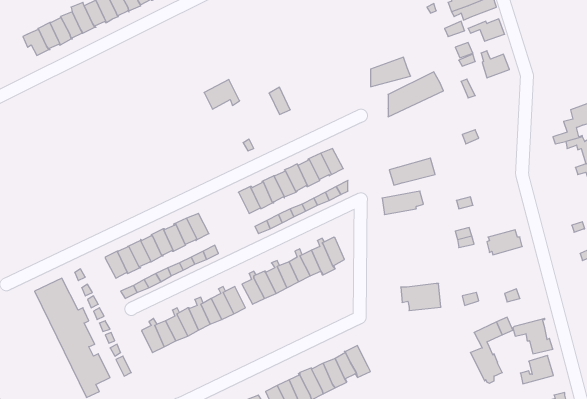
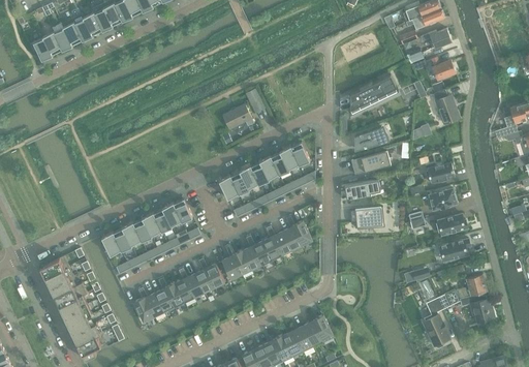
building: [371,57,411,87] -> [353,126,388,152]
building: [204,80,240,109] -> [222,104,253,130]
building: none -> [432,90,459,124]
building: none -> [425,162,455,184]
building: none -> [427,189,457,211]
building: none -> [438,239,469,262]
building: [401,284,441,311] -> [349,207,384,231]
building: [520,355,553,384] -> [458,274,487,299]

